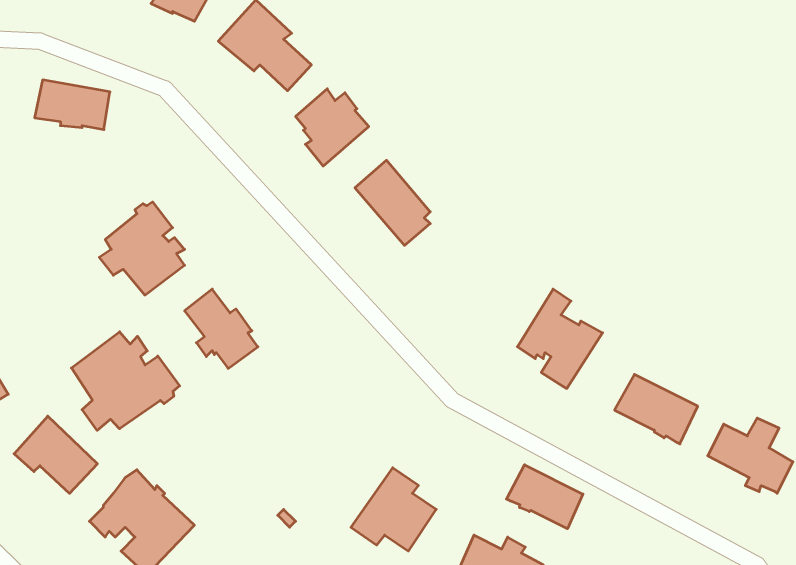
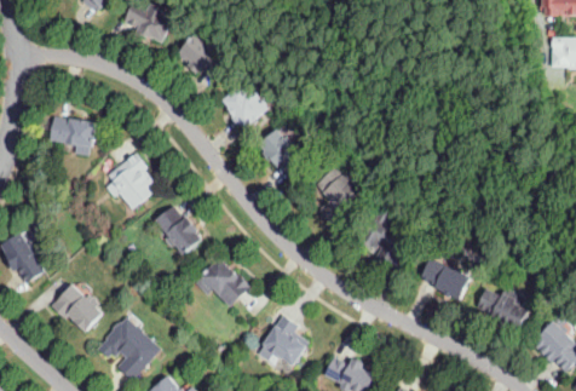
building: [35,80,110,130] -> [48,116,94,146]
building: none -> [315,165,359,223]
building: [71,332,180,430] -> none
building: none -> [194,258,249,306]
building: [506,465,583,529] -> none

